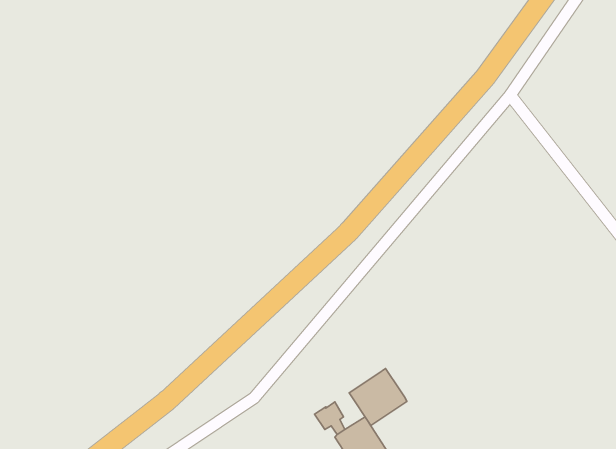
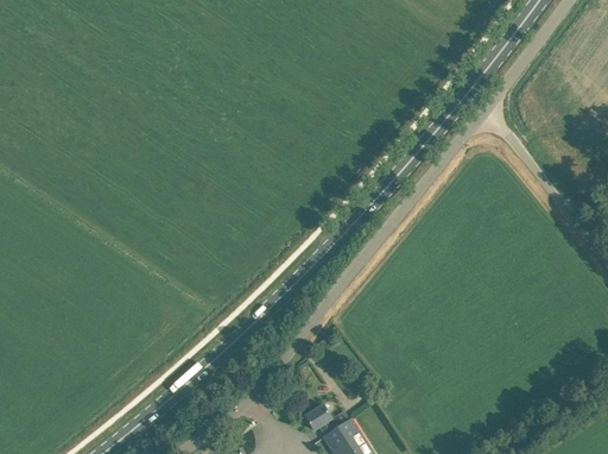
building: [349,369,407,426] -> none

